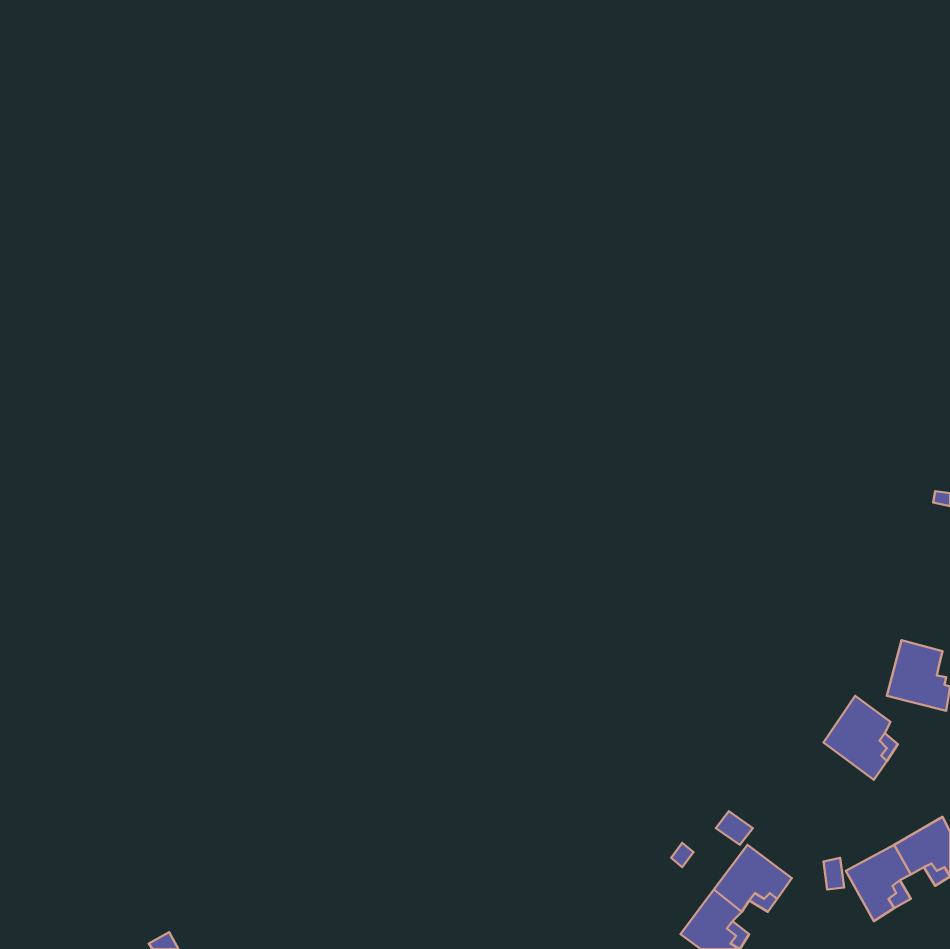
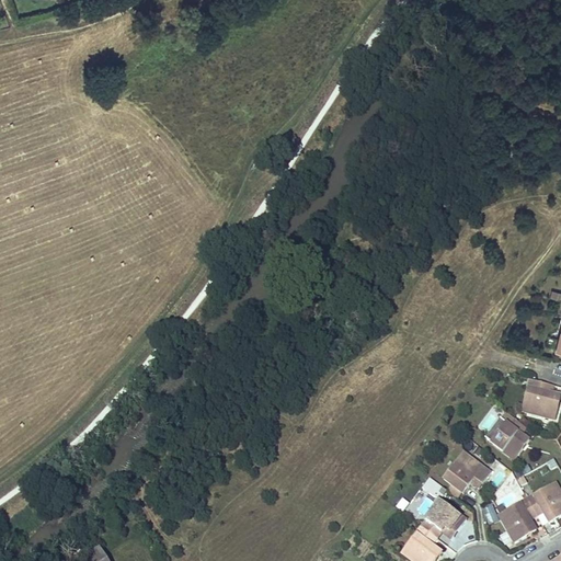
building: none -> [445,450,492,491]

